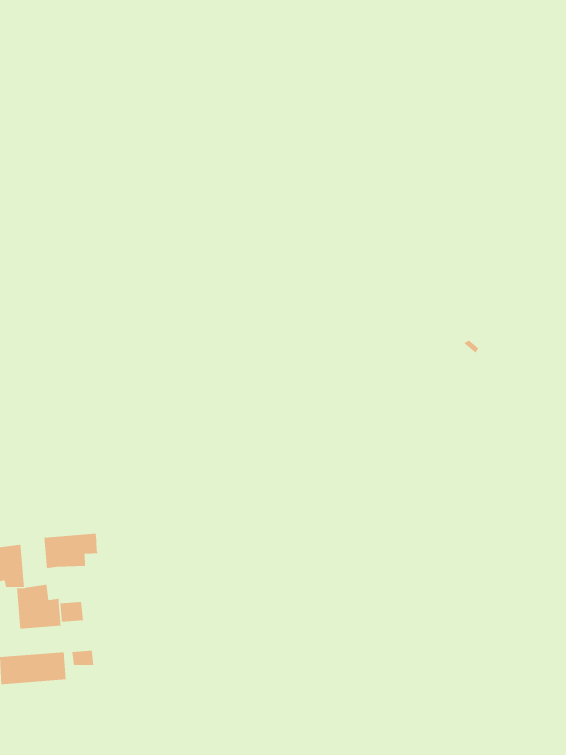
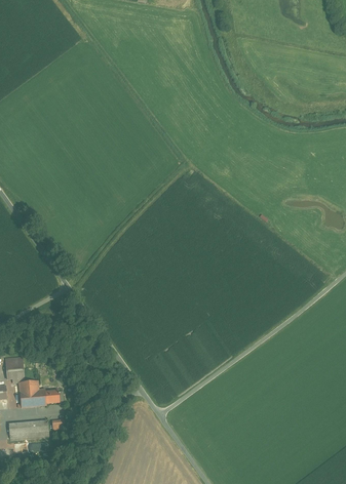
building: [44,533,98,569] -> none

